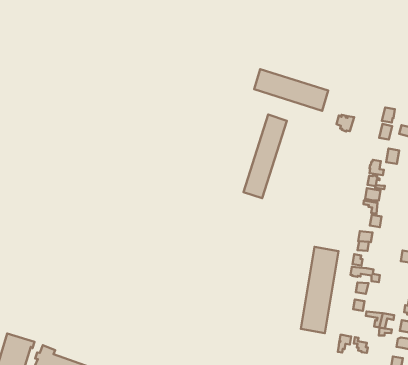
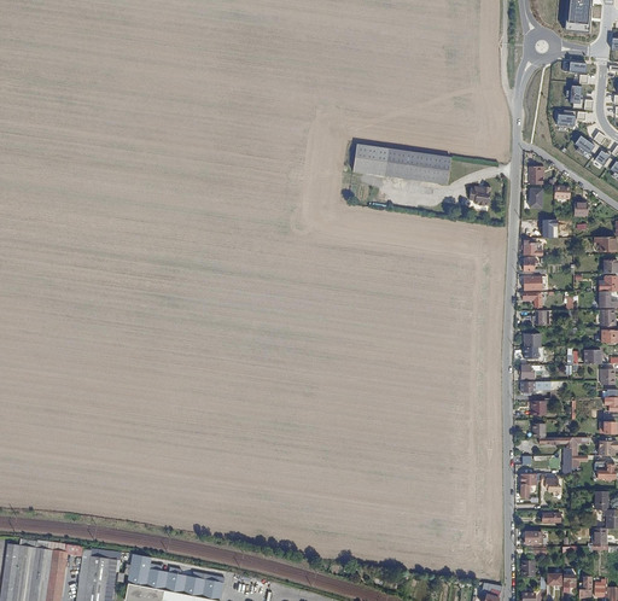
building: [244,115,287,198] -> none
building: [301,247,339,333] -> none

